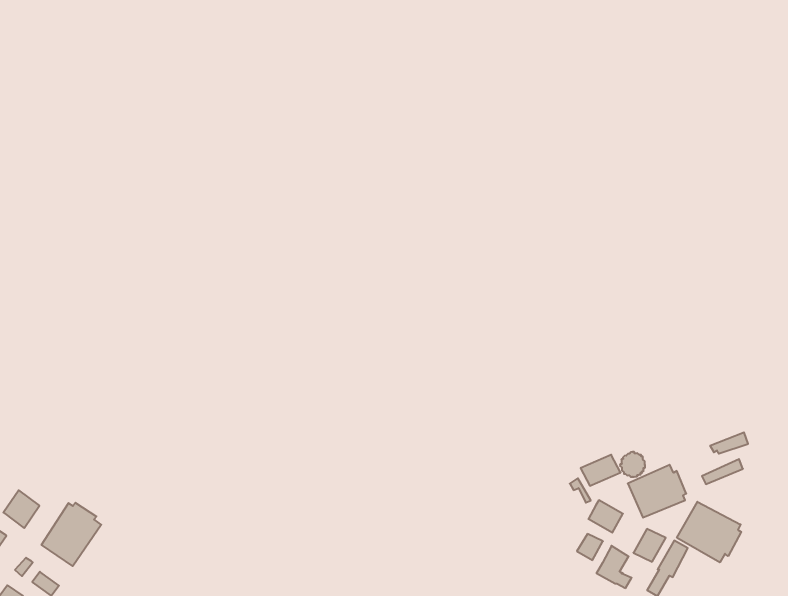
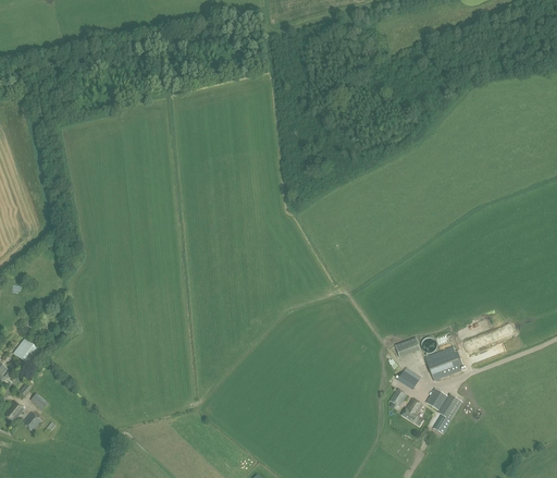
building: [677,502,741,562] -> none
building: [42,503,101,566] -> none

